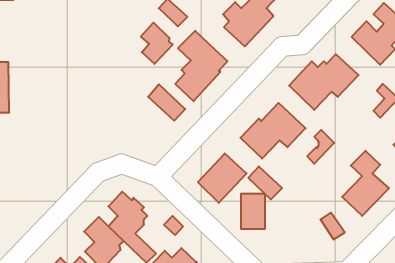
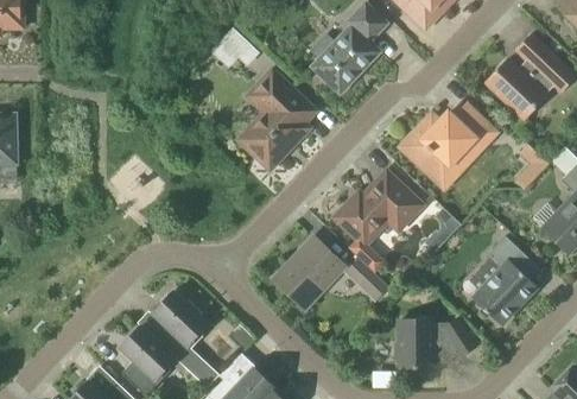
building: [141,23,173,64] -> none
building: [148,84,185,121] -> none
building: [241,194,265,229] -> [399,319,432,367]

